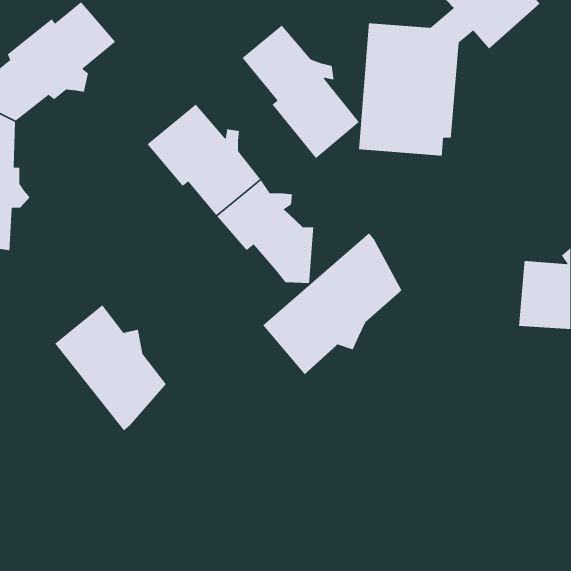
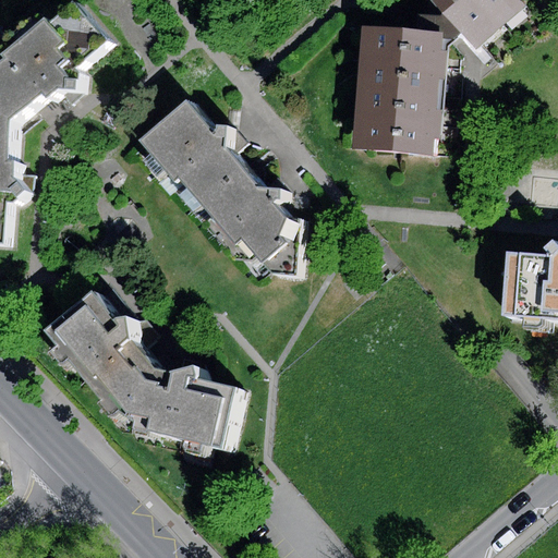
building: [242,24,360,159] -> none
building: [262,232,402,375] -> none
building: none -> [126,367,245,452]

